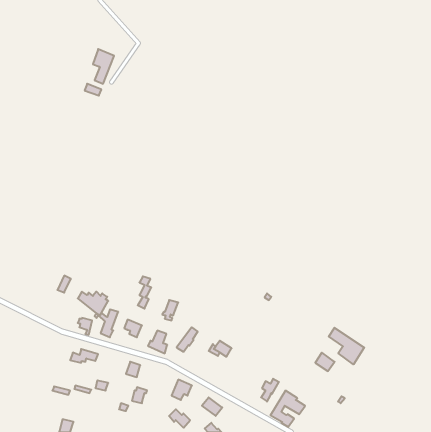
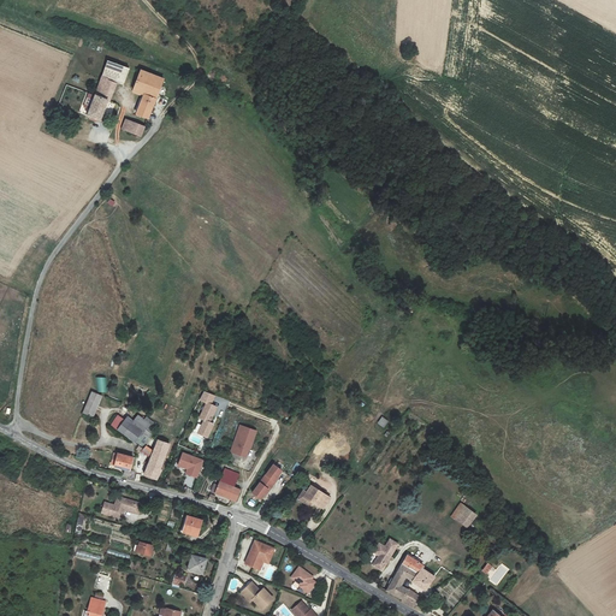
building: none -> [87,61,128,122]
building: [329,328,364,364] -> none

